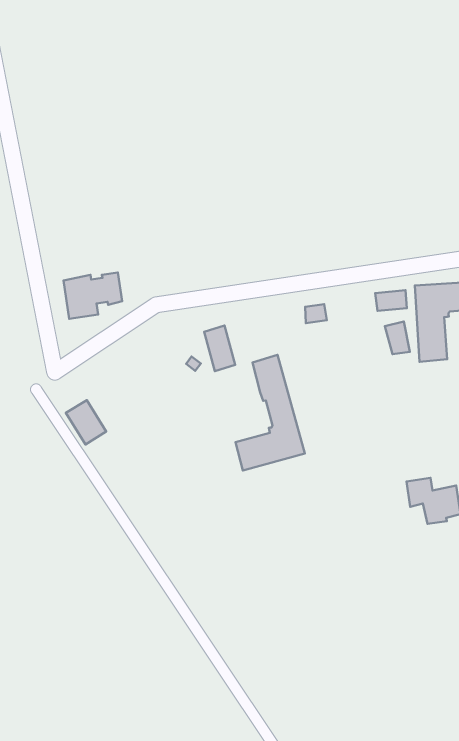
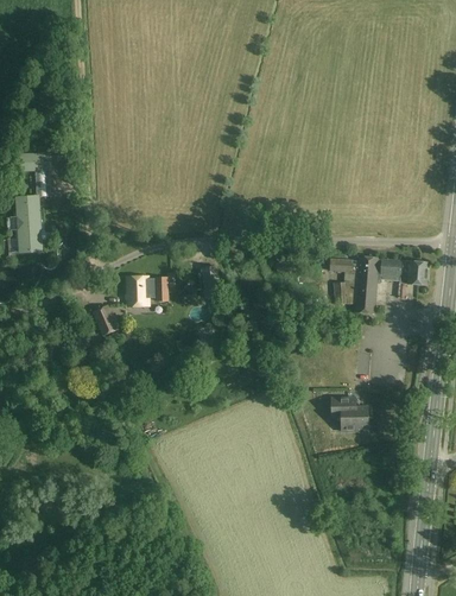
building: [64,272,122,319] -> [128,275,169,305]
building: [235,355,305,471] -> none

